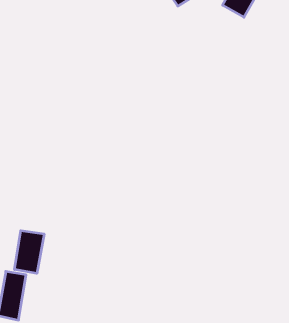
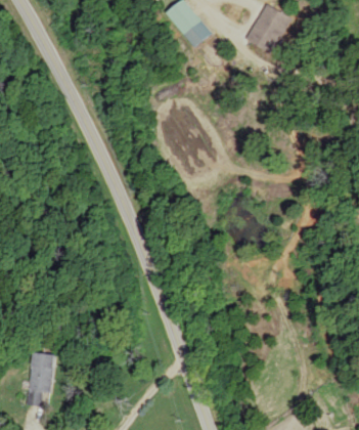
building: [15,231,44,273] -> none

